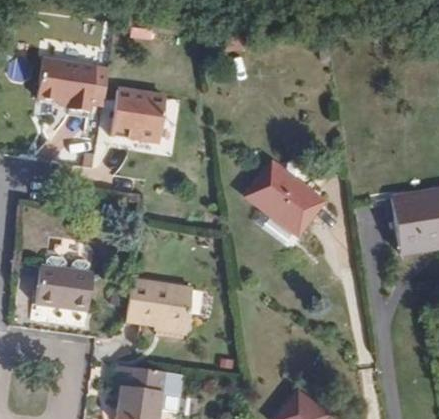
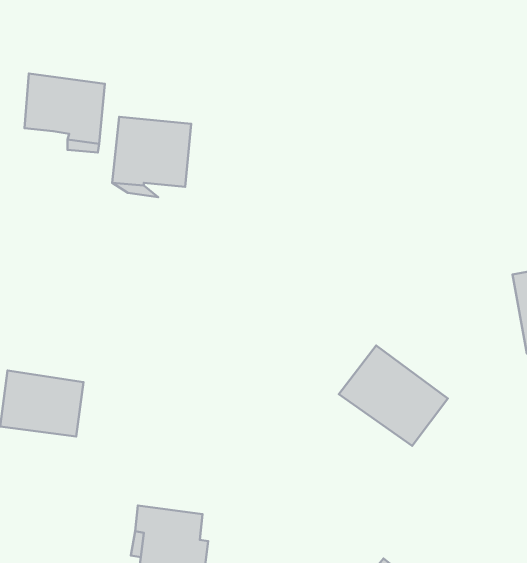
building: [246,161,322,231] -> [339,345,448,446]
building: [123,283,189,333] -> none

